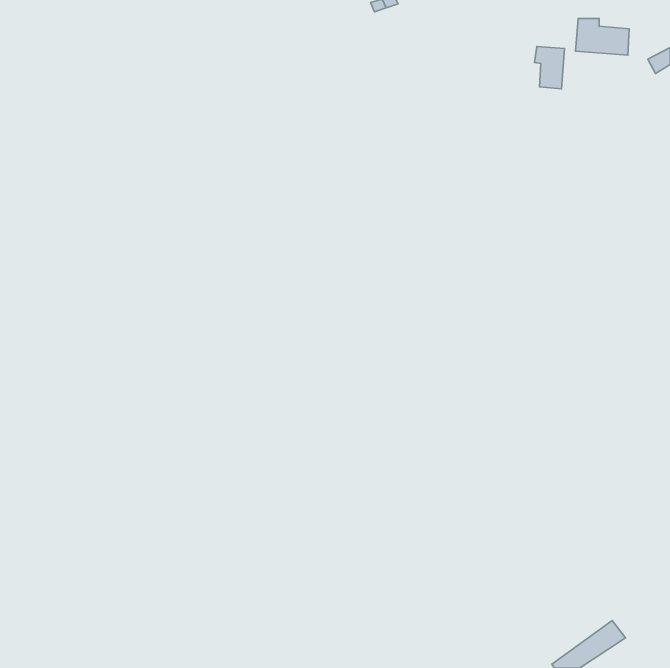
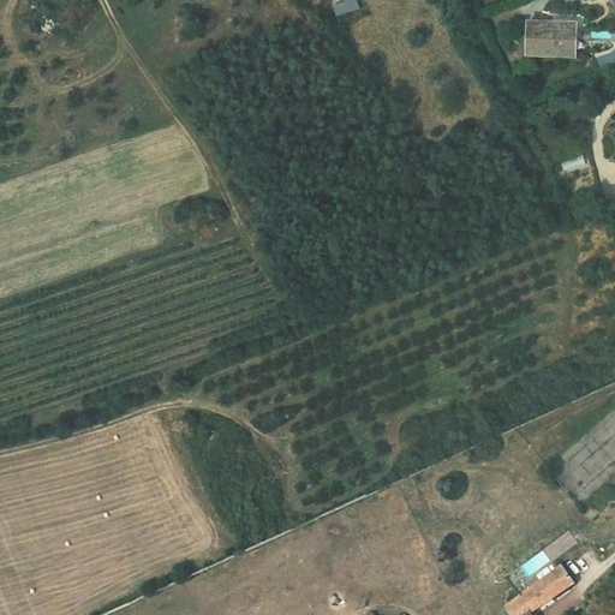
building: [534,47,564,89] -> none

